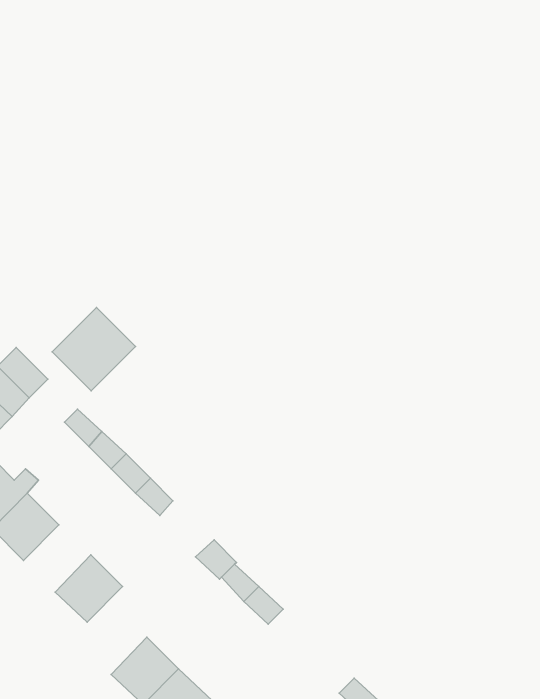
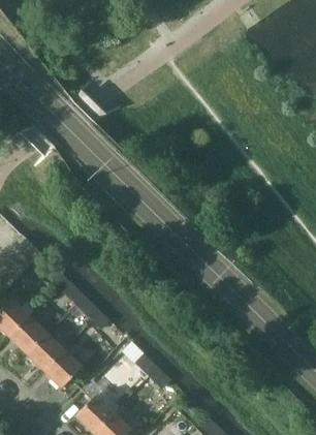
building: [52,307,135,391] -> none
building: none -> [26,332,63,369]

